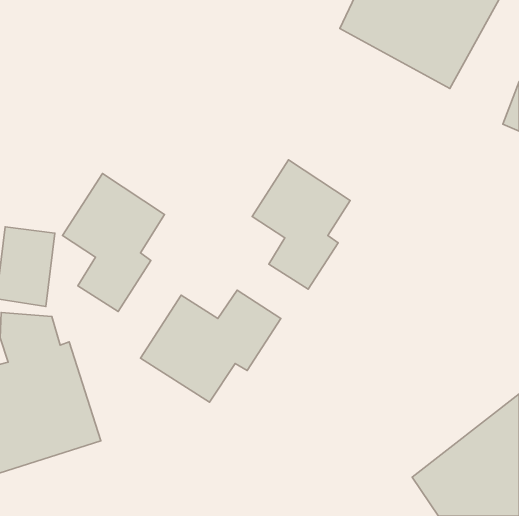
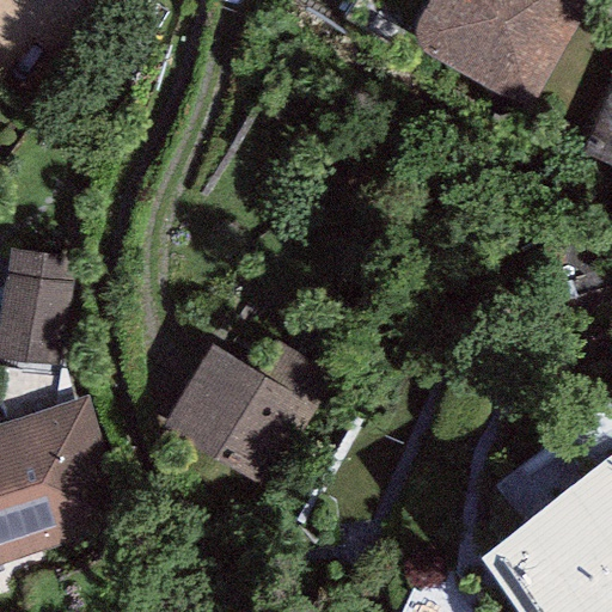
building: [252,160,350,289] -> none
building: [62,174,165,311] -> none

